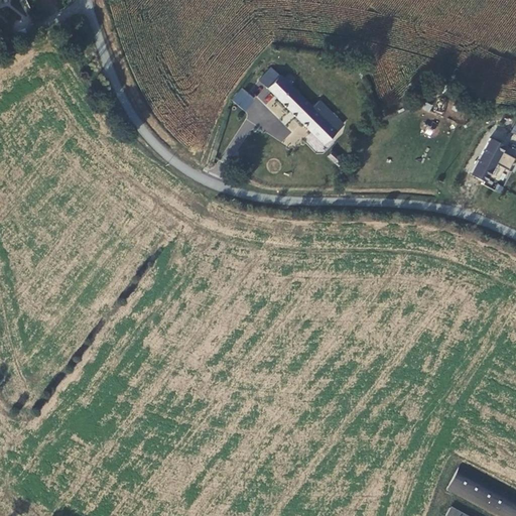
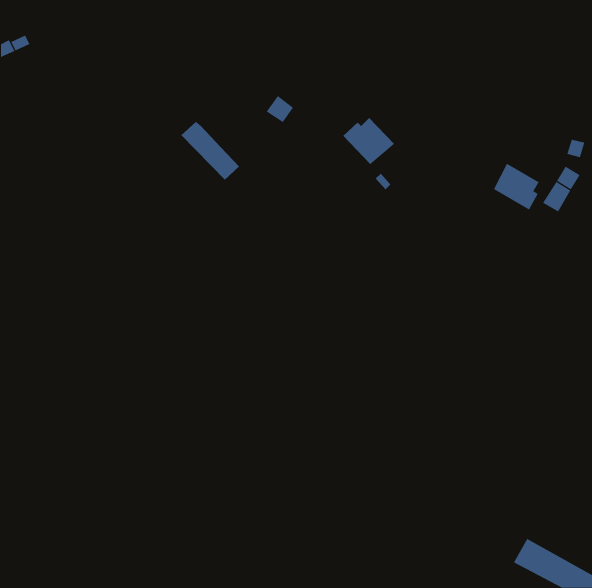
building: [260,67,311,118] -> [181,121,240,180]
building: none -> [493,163,540,210]

